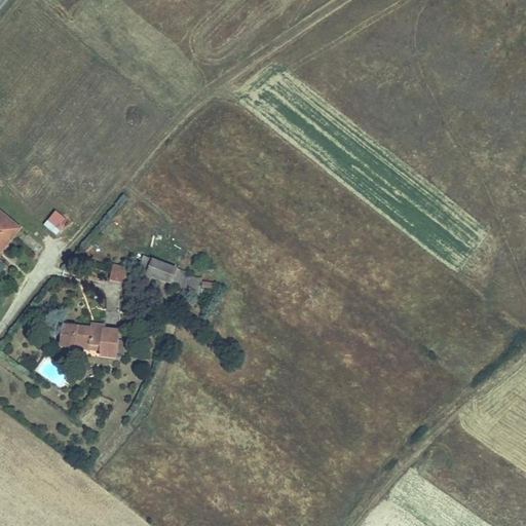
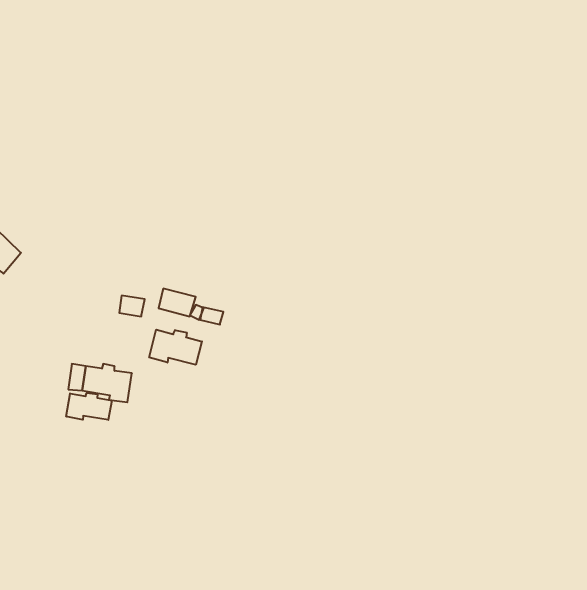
building: none -> [149,330,202,365]
building: none -> [66,393,112,420]

